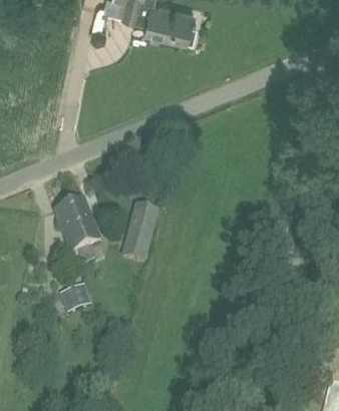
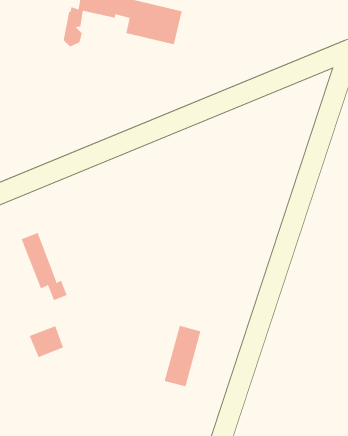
building: [67,195,99,245] -> none
building: [125,204,157,258] -> [164,325,201,387]

